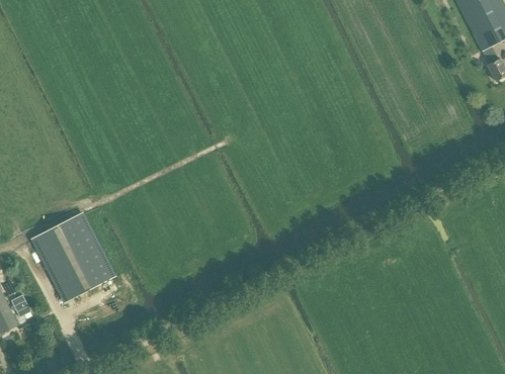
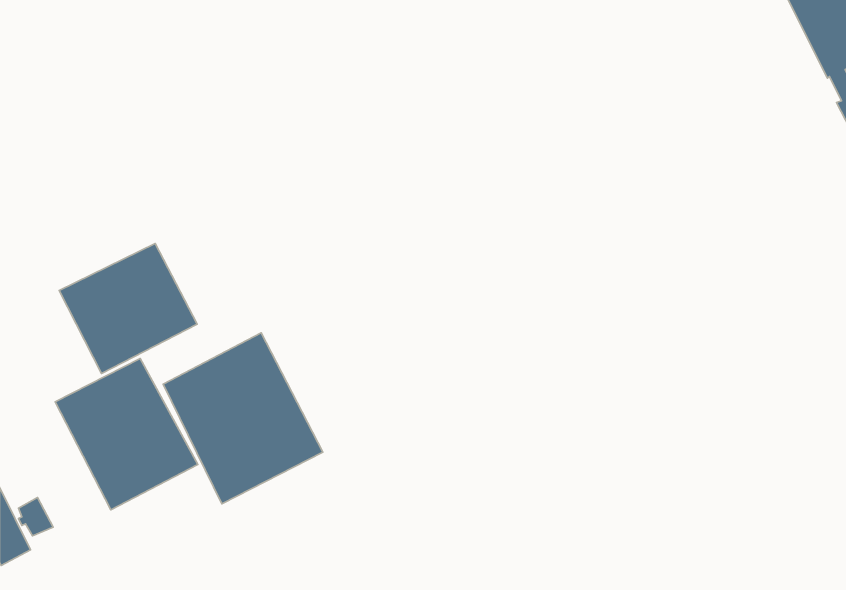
building: none -> [59,243,197,373]
building: none -> [163,333,323,504]

